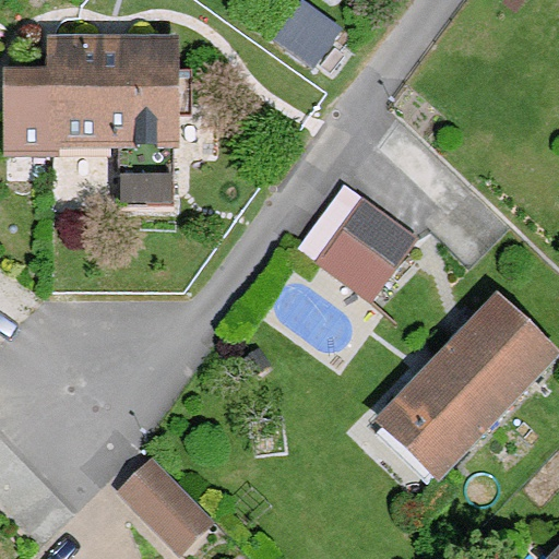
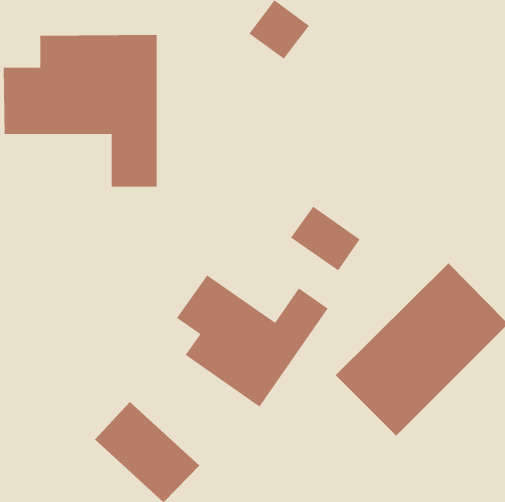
building: none -> [176,275,329,408]

